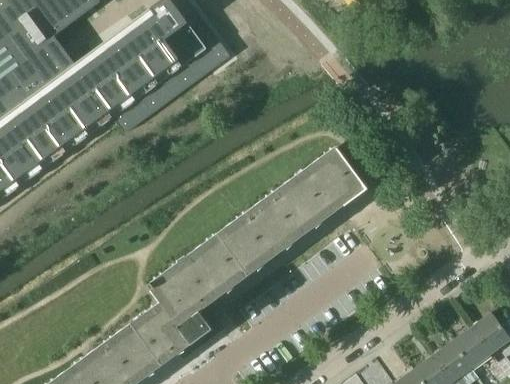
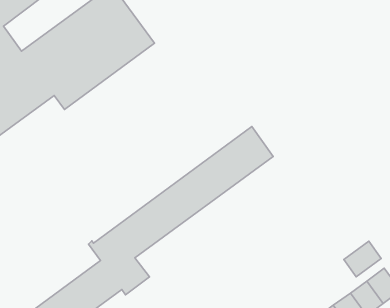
building: none -> [344,241,381,277]

